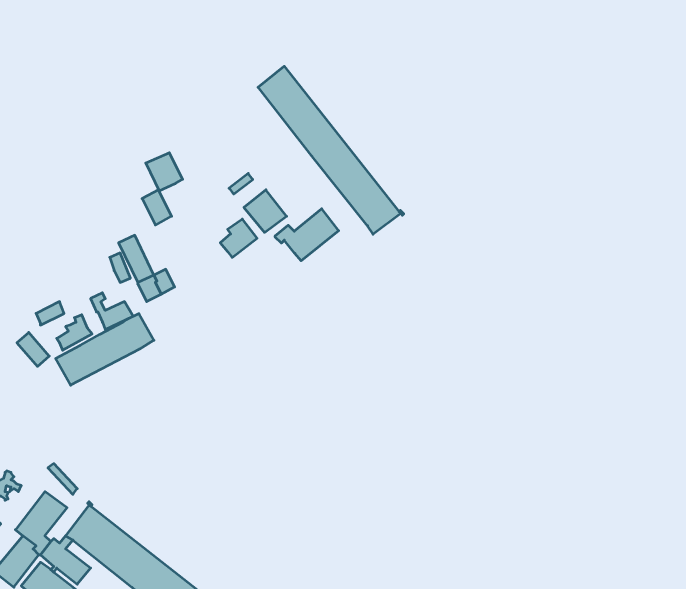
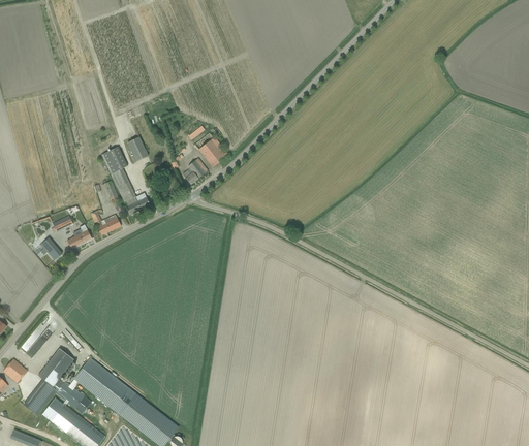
building: [258,66,404,234] -> none
building: [146,153,183,191] -> [101,147,127,173]
building: [275,209,339,261] -> none
building: [56,314,154,385] -> none

